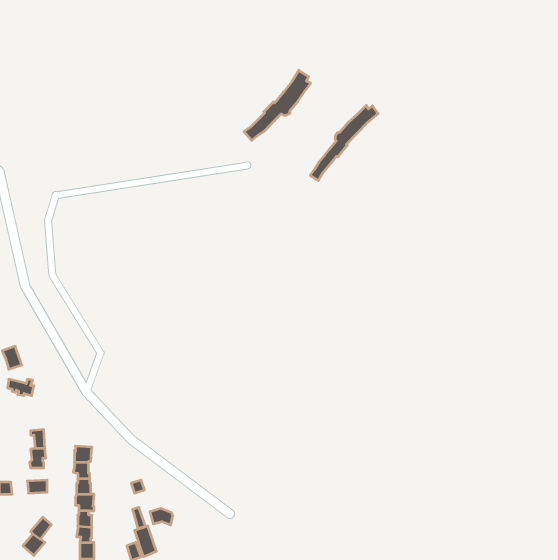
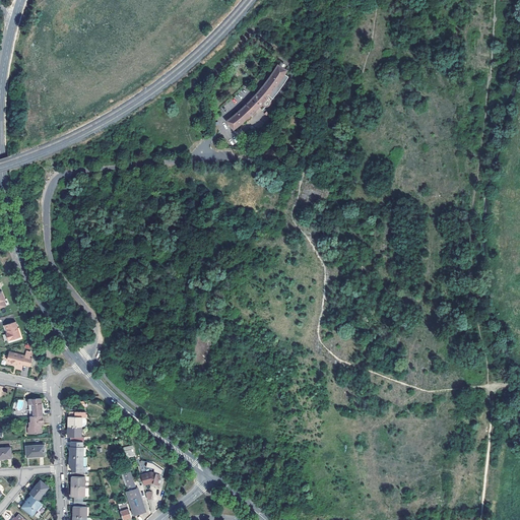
building: [310,105,378,181] -> none

